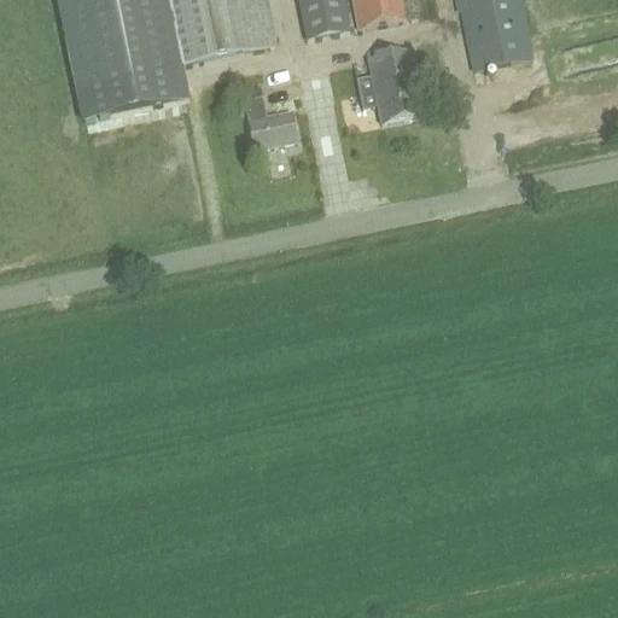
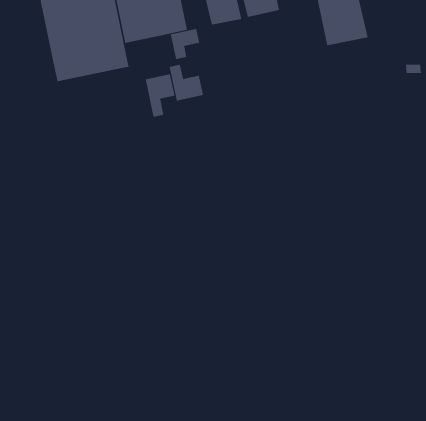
building: none -> [170,28,200,60]
building: [358,49,422,118] -> none
building: none -> [145,73,175,118]

